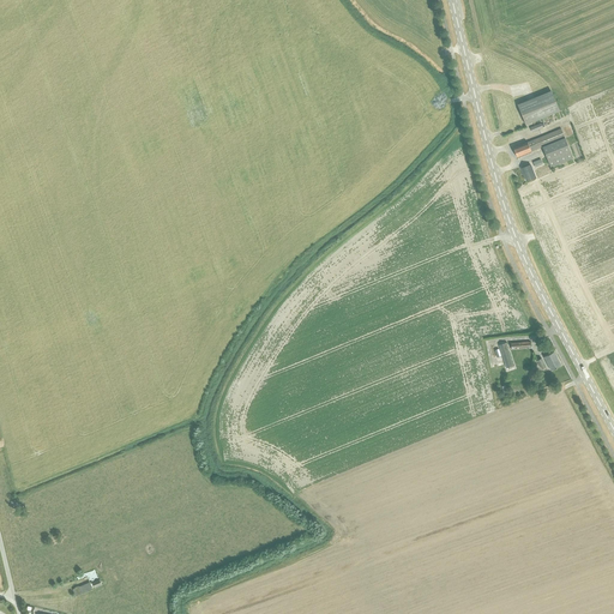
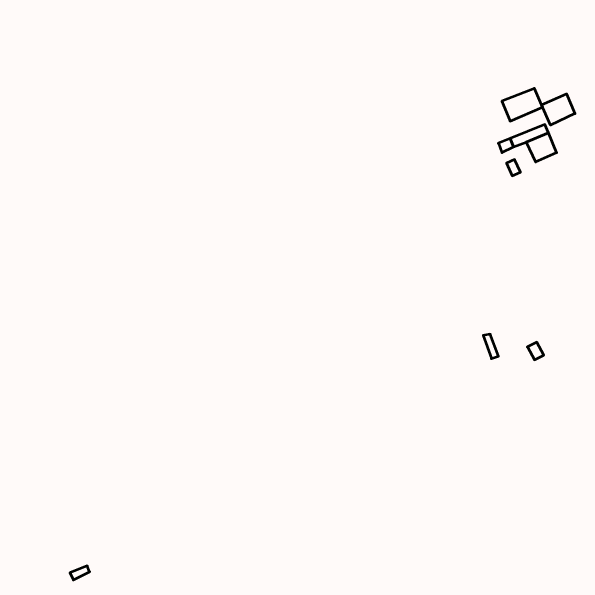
building: none -> [542,94,575,125]

